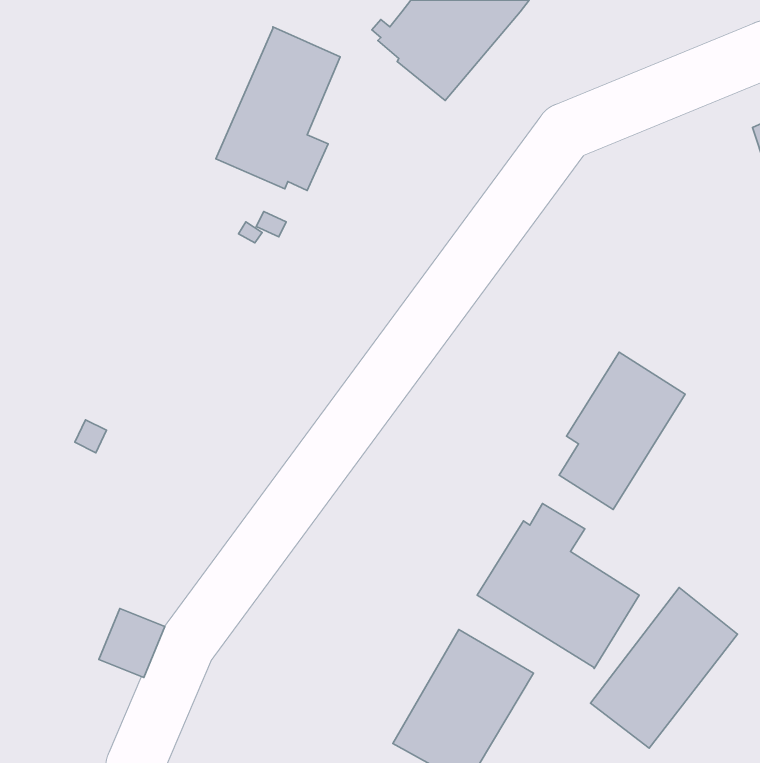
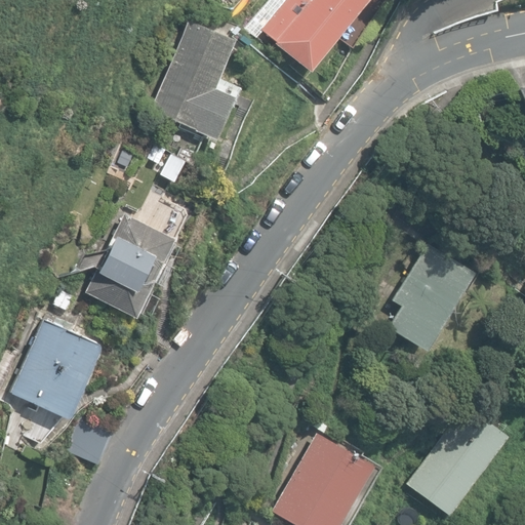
building: none -> [87,214,174,317]
building: none -> [12,320,99,416]
building: [477,504,639,669] -> none

